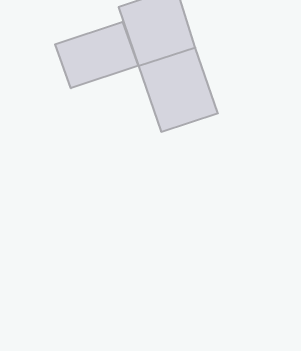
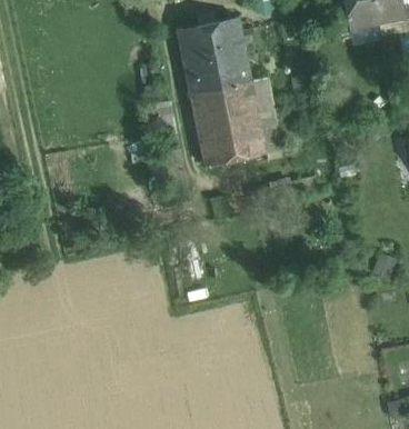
building: [55,22,138,88] -> none

